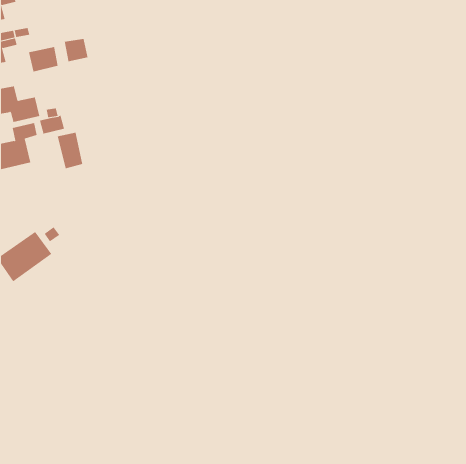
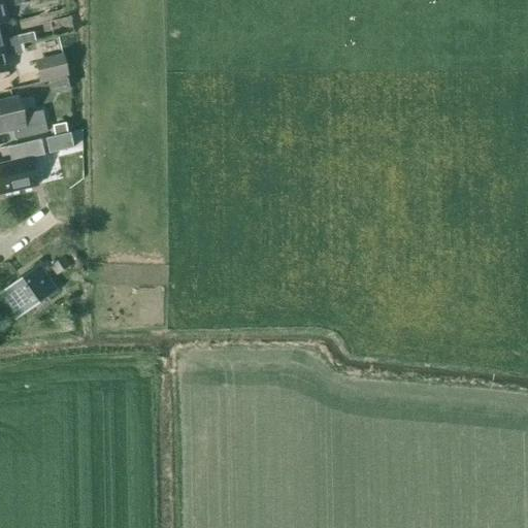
building: [64,38,88,62] -> none
building: [57,132,83,169] -> none

